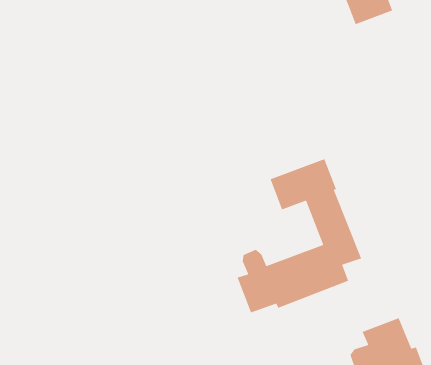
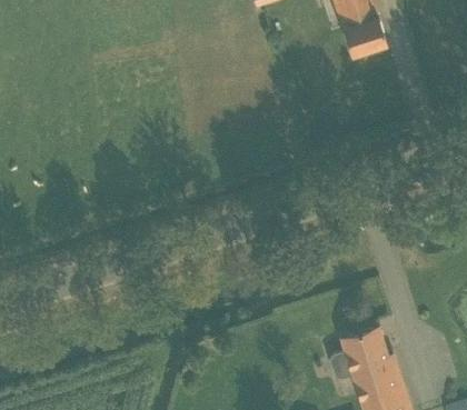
building: [236,158,362,313] -> none

